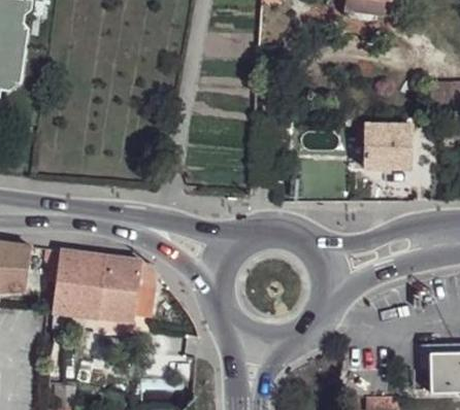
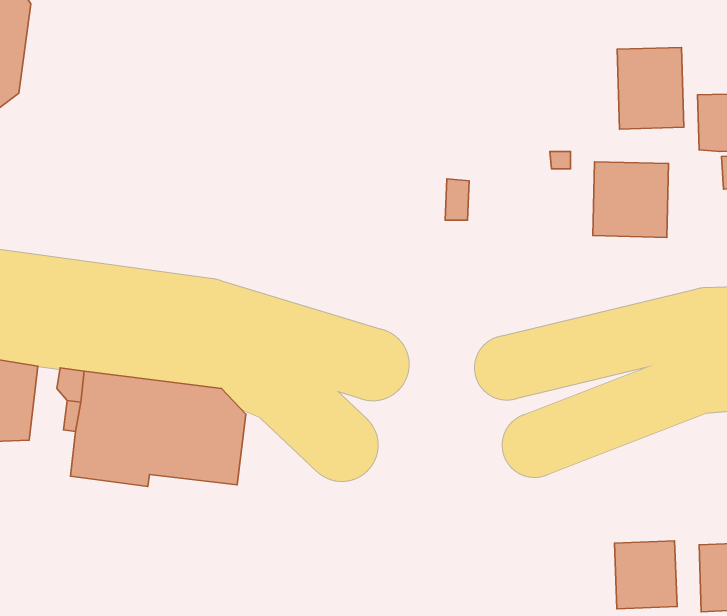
building: none -> [617,47,684,129]
building: none -> [614,541,677,609]

